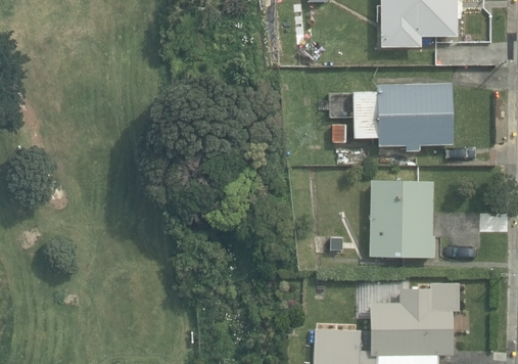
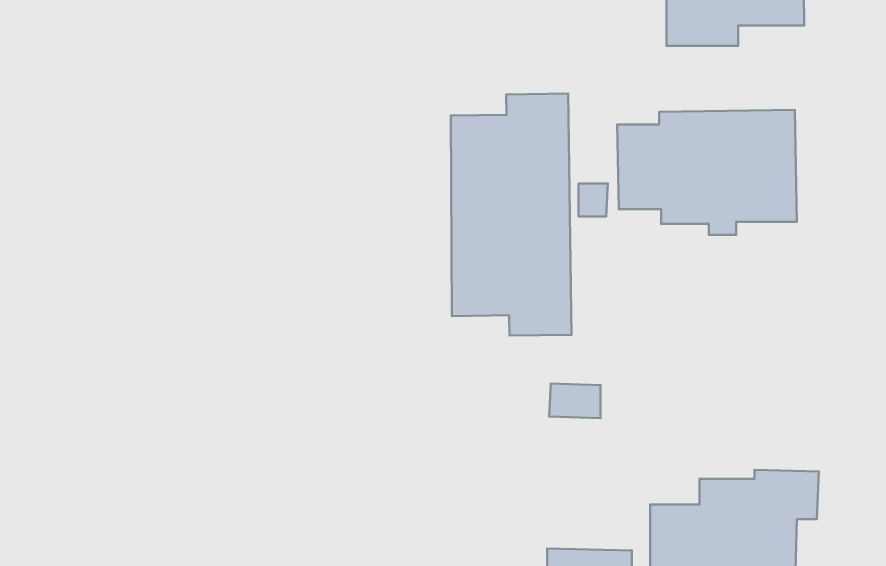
building: none -> [451,94,571,336]
building: [369,179,435,258] -> none

